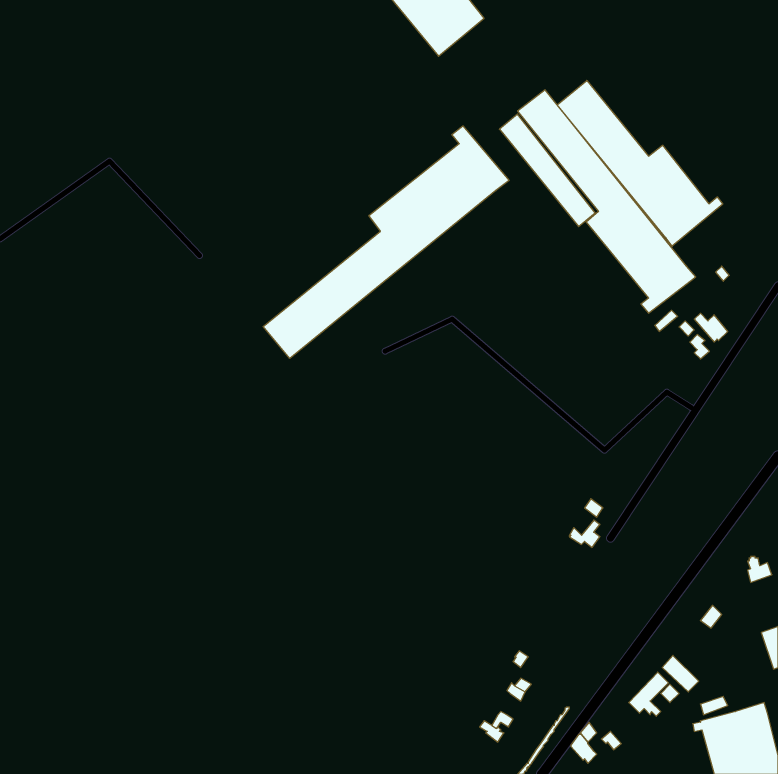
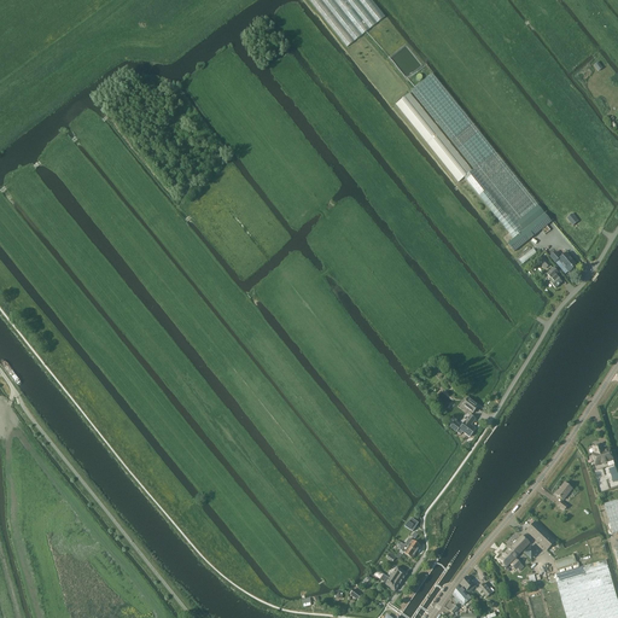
building: [557,80,723,246] -> none
building: [263,126,509,358] -> none

